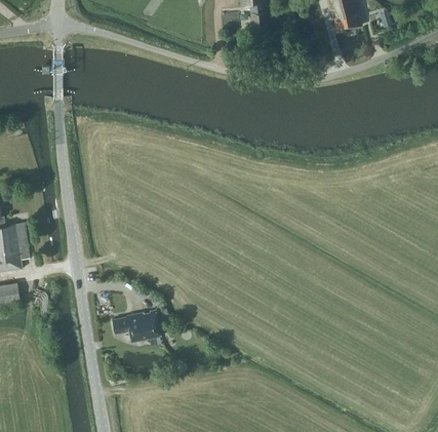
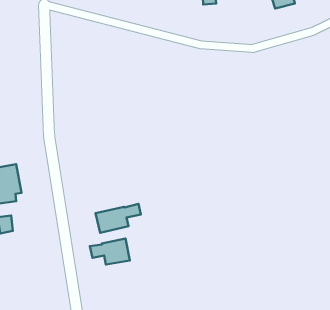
building: none -> [95,204,141,233]

